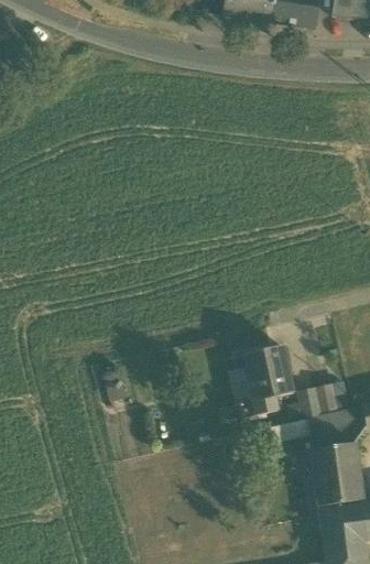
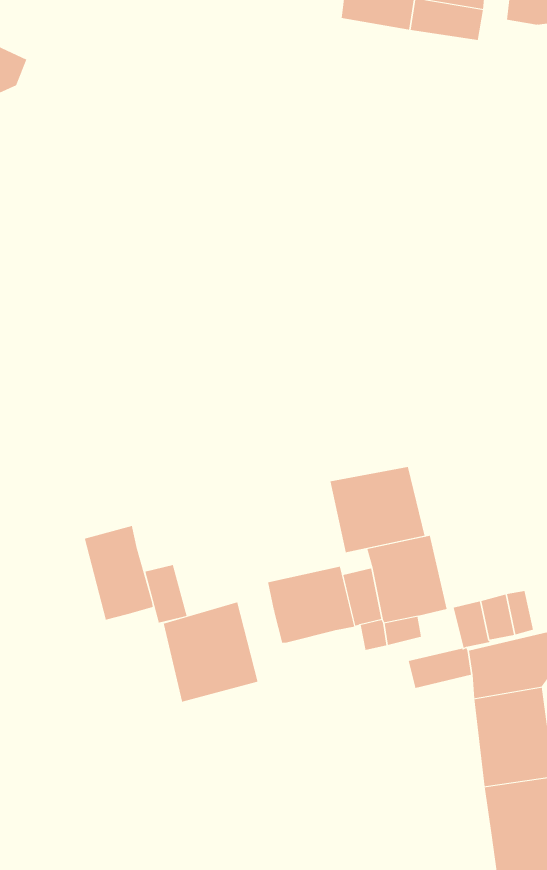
building: none -> [330,466,425,553]
building: none -> [84,525,153,620]
building: none -> [267,566,355,643]
building: none -> [163,602,258,702]

